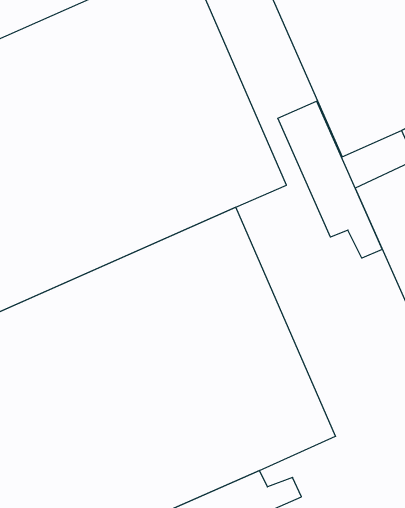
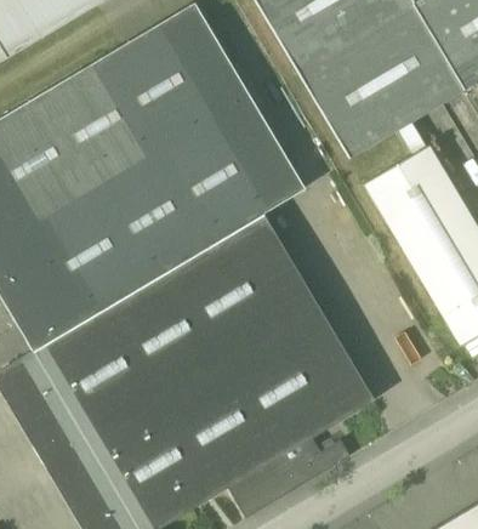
building: [278,101,382,258] -> none

